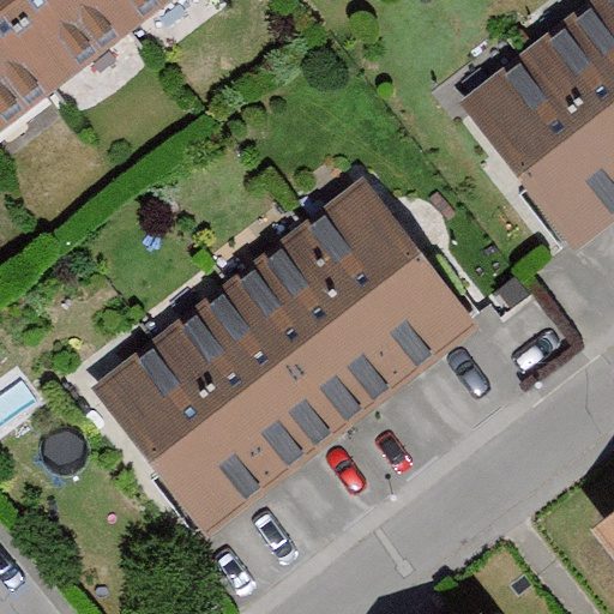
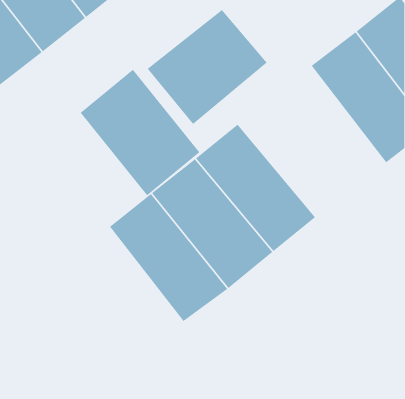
building: none -> [147,9,267,125]
building: none -> [80,69,200,196]
building: [98,338,273,530] -> none

